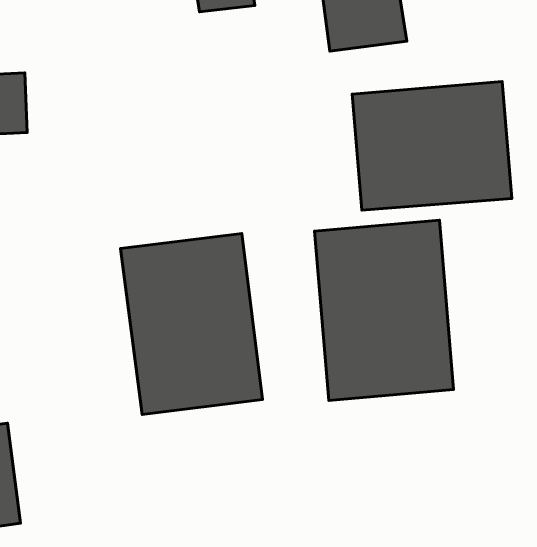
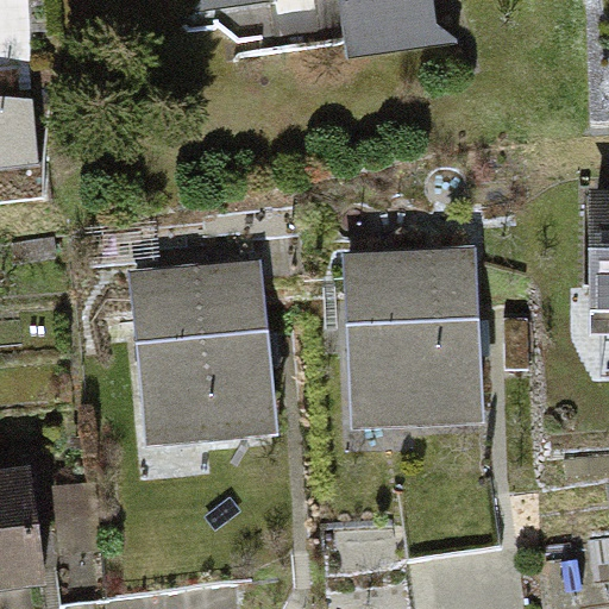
building: [352,82,512,210] -> none

